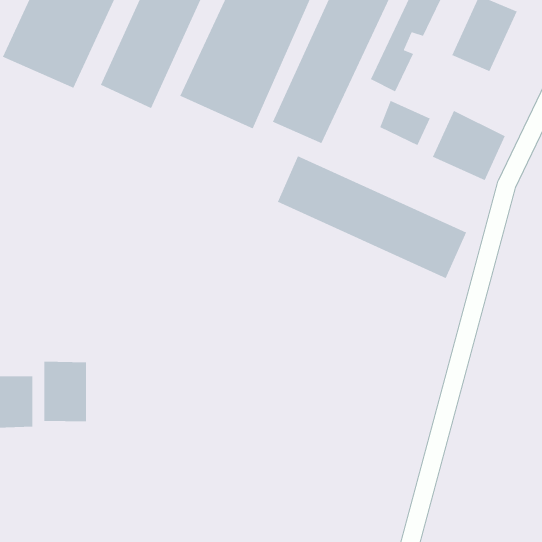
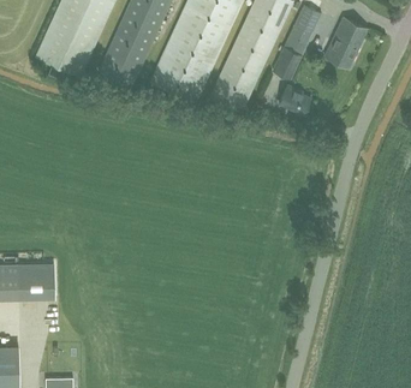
building: [432,110,506,181] -> none
building: [277,155,467,279] -> none
building: [44,361,87,422] -> none

